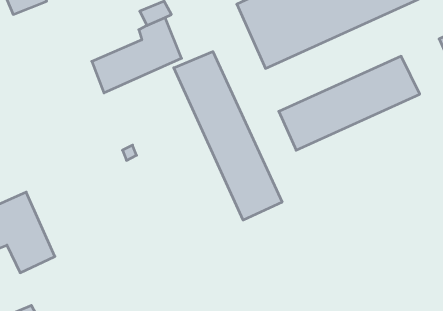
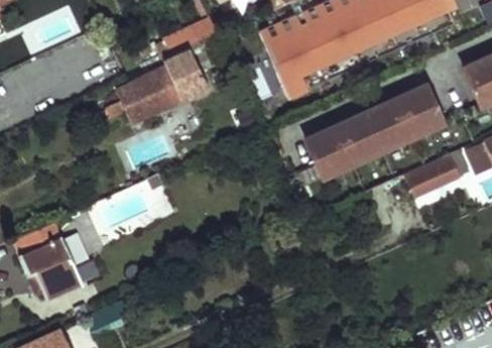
building: [174,52,282,220] -> none
building: none -> [409,155,459,195]

